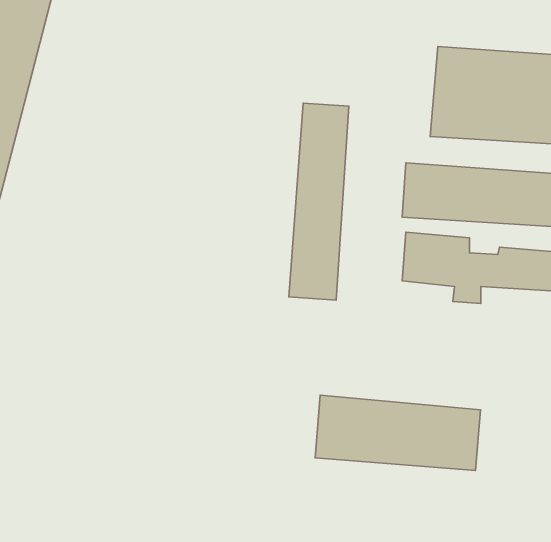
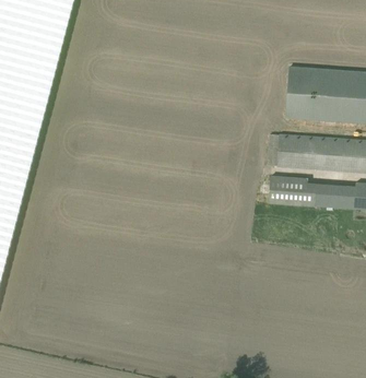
building: [289,103,349,300] -> none
building: [315,395,480,470] -> none

